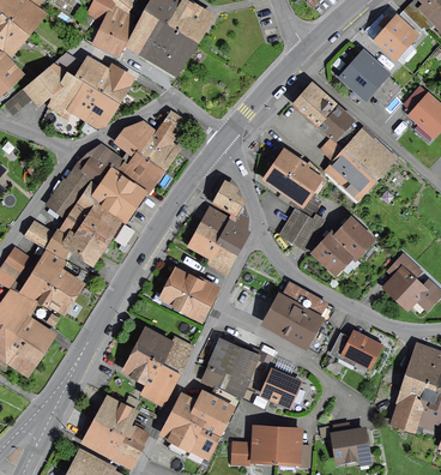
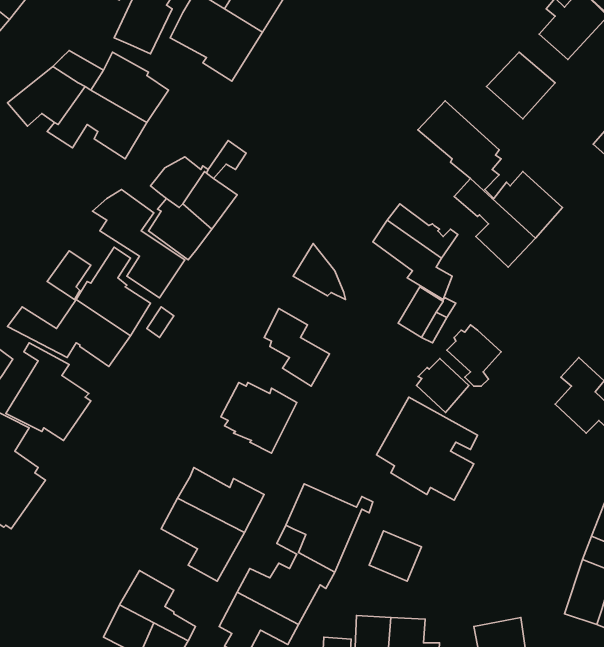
building: [203,212,248,252] -> none
building: [334,220,369,255] -> [416,358,469,413]
building: [330,332,379,366] -> none

